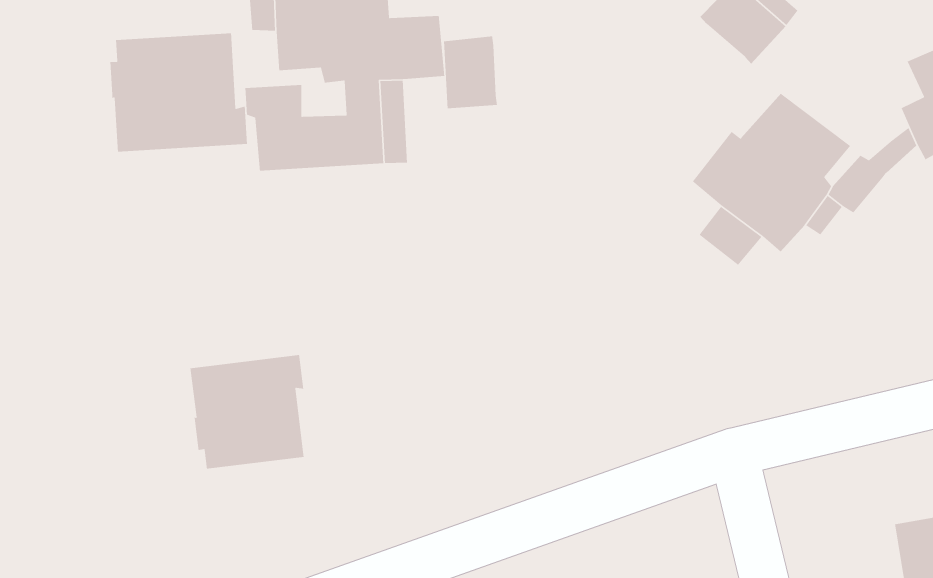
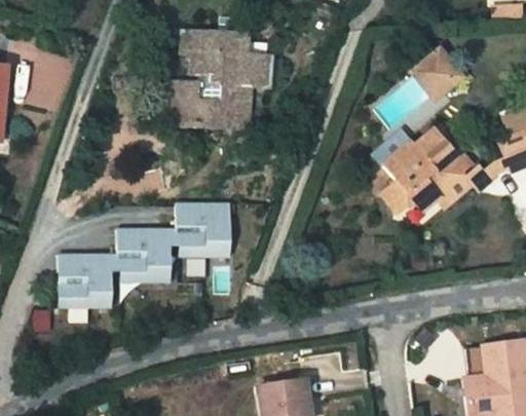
building: [109,32,248,152] -> none
building: [443,36,498,109] -> none
building: none -> [177,200,232,254]
building: none -> [61,250,118,303]

